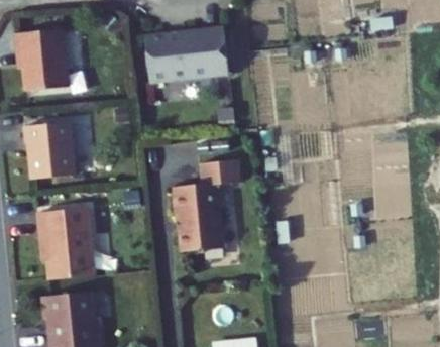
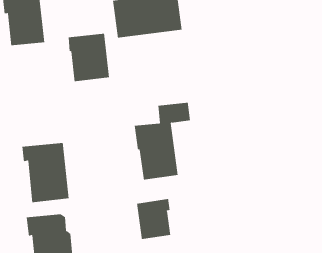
building: [22,119,73,178] -> [68,33,110,82]
building: none -> [137,198,171,240]

